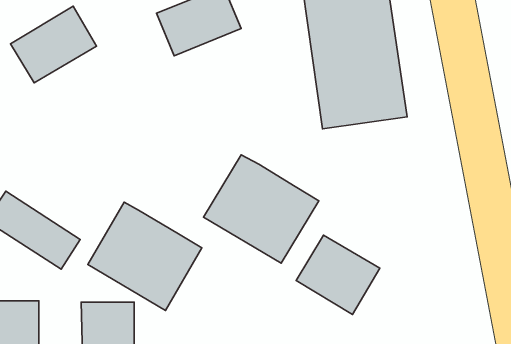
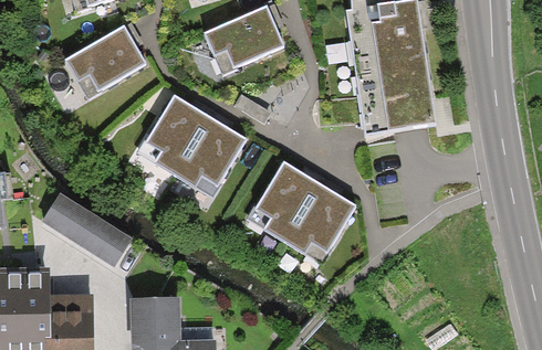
building: [88,202,202,310] -> [138,93,246,194]
building: [296,235,380,314] -> none

